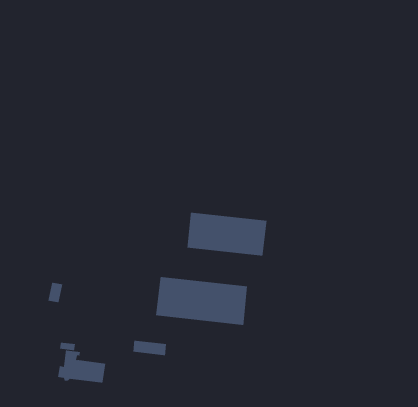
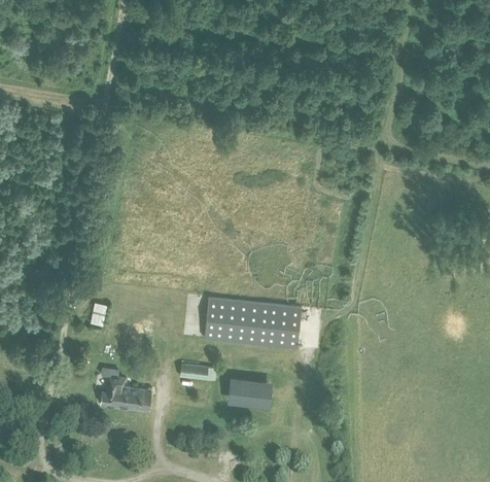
building: [187,212,267,257] -> none
building: none -> [225,377,270,408]

